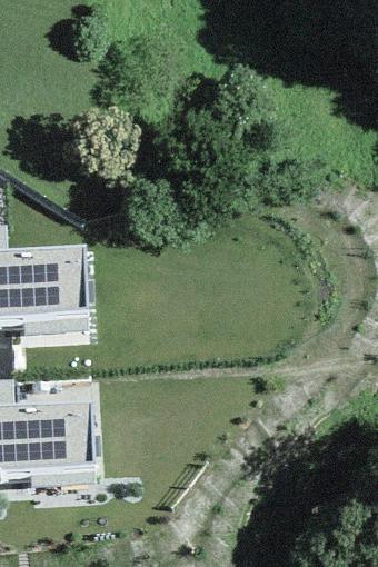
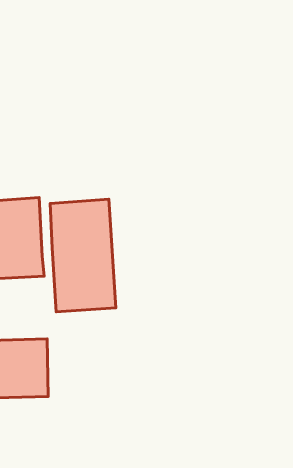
building: none -> [50,199,116,312]

